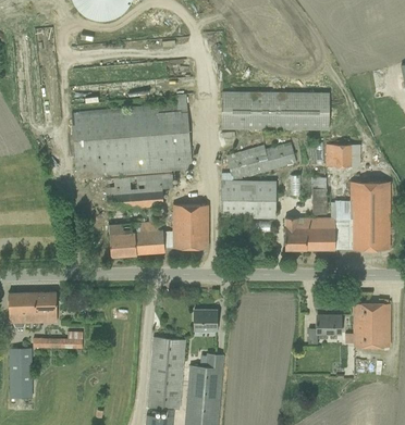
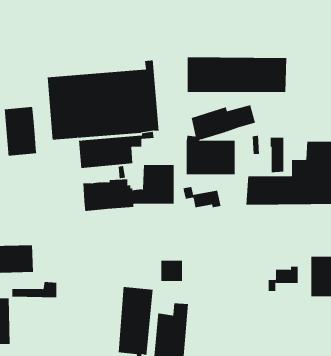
building: none -> [4,106,37,156]
building: [324,145,351,167] -> none
building: none -> [183,186,221,208]

